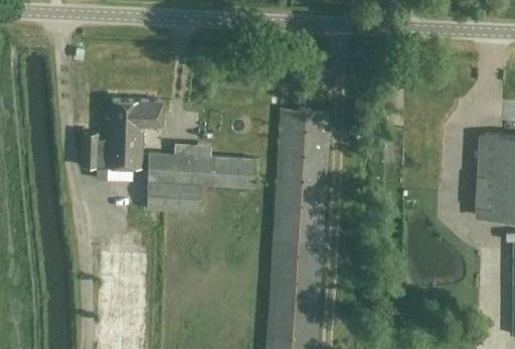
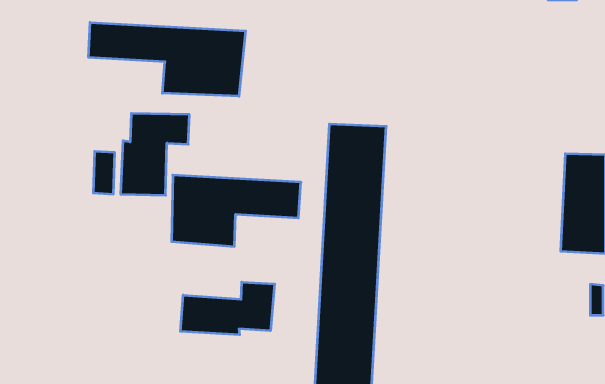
building: none -> [89,22,246,96]
building: none -> [180,282,275,335]

